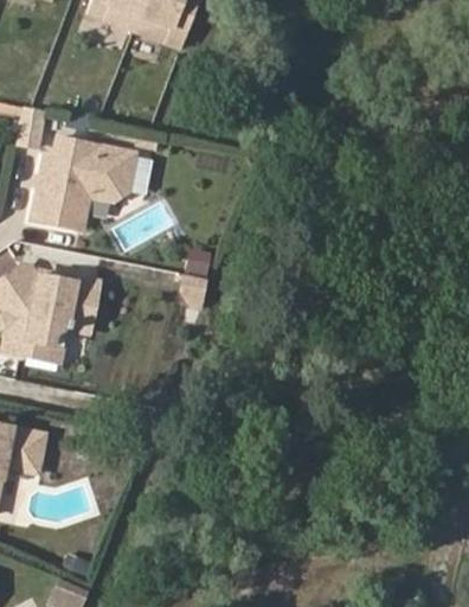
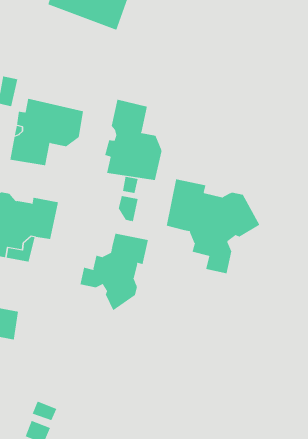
building: none -> [104,99,162,181]
building: none -> [166,178,260,274]
building: none -> [80,233,148,311]

